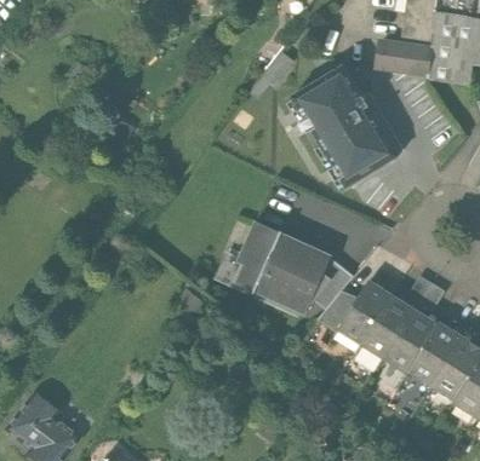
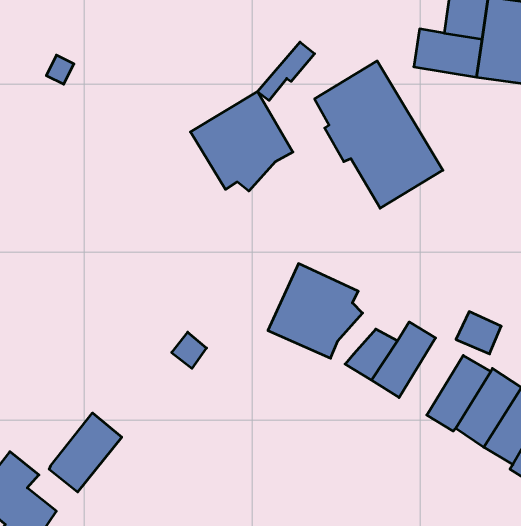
building: none -> [190,92,293,191]
building: [235,223,279,289] -> none
building: [312,257,353,309] -> none
building: [362,295,416,359] -> none
building: none -> [49,413,122,492]

